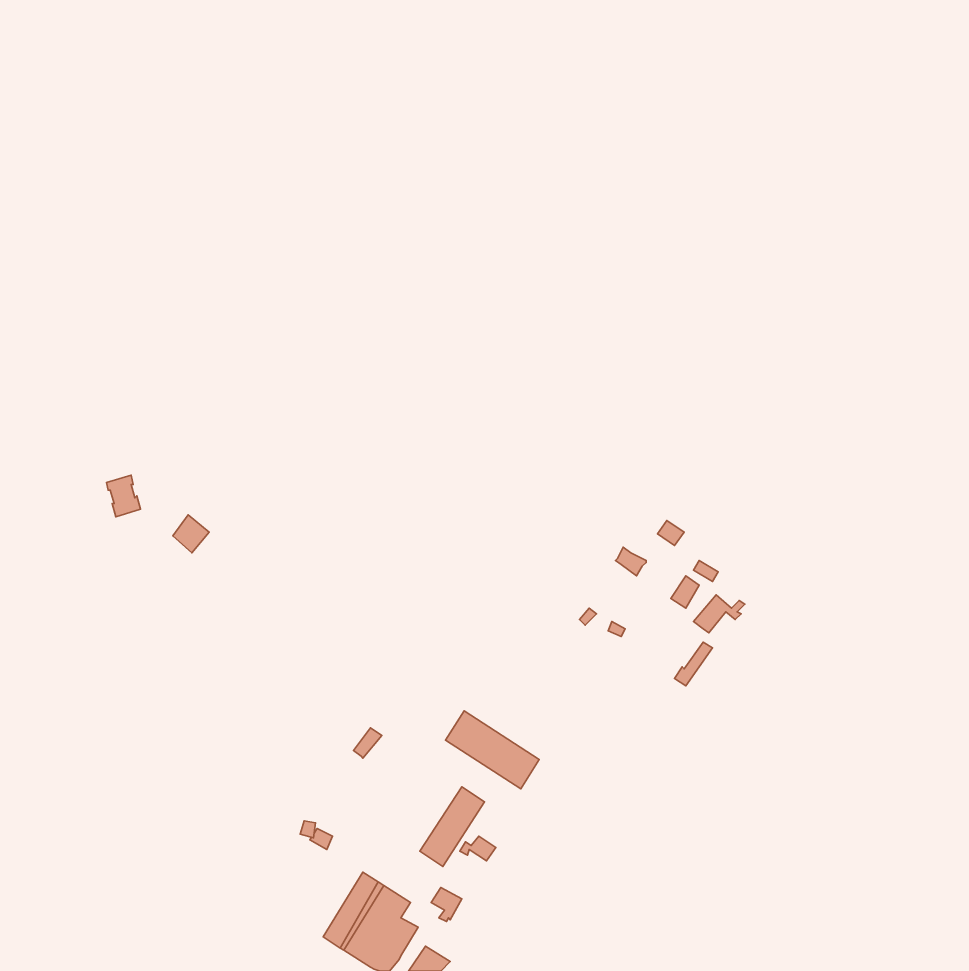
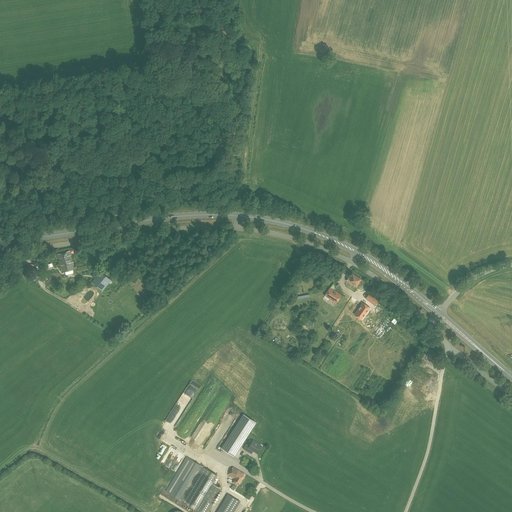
building: [446,711,539,789] -> none

